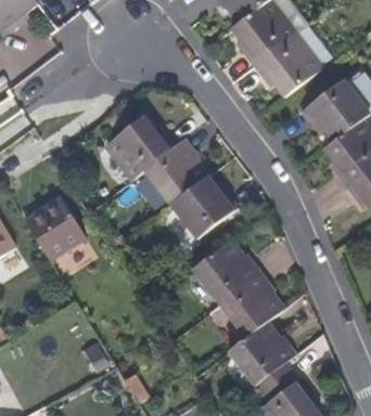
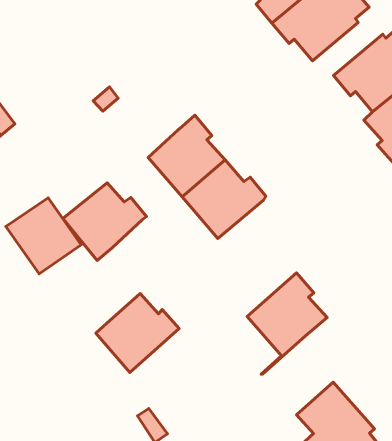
building: [105,116,174,179] -> [63,183,146,261]
building: [192,239,260,303] -> [96,293,179,372]
building: [228,322,296,386] -> none

